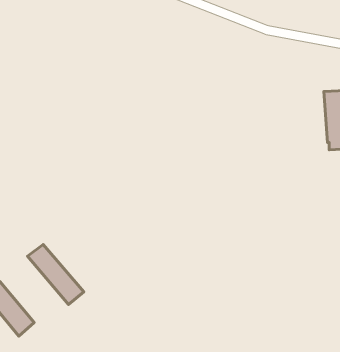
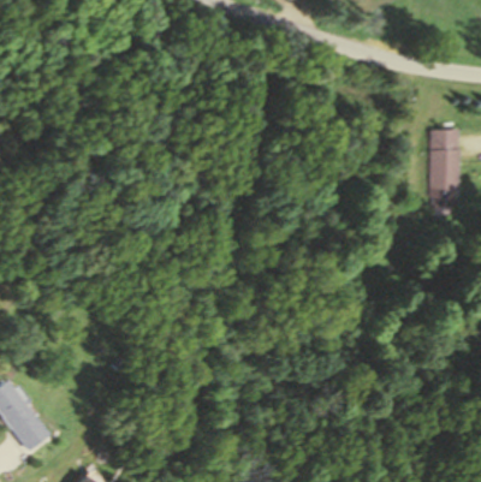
building: [28,245,84,304] -> none

